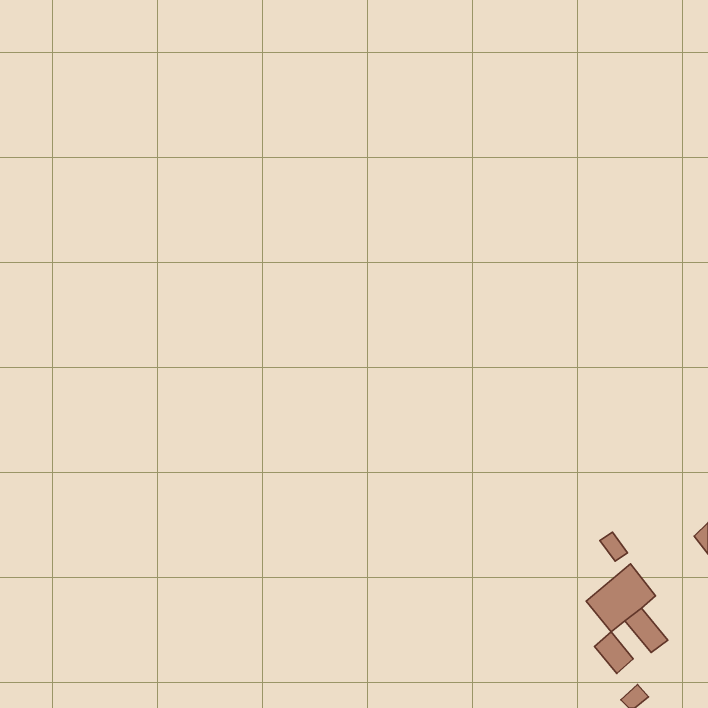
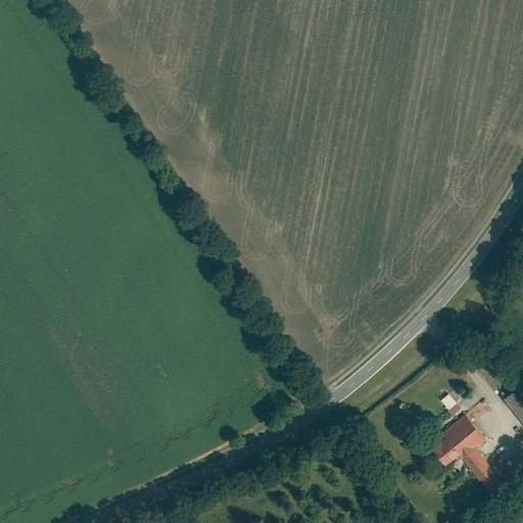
building: [594,632,633,674] -> none

